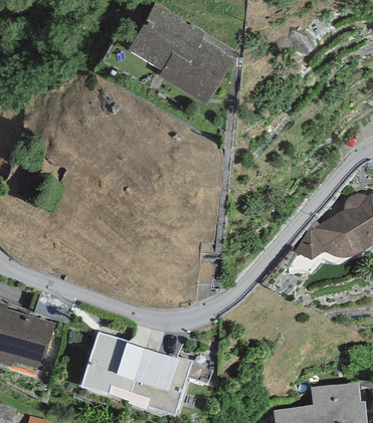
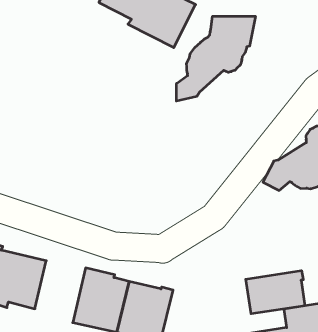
building: none -> [176,16,255,101]
building: none -> [246,271,305,314]

